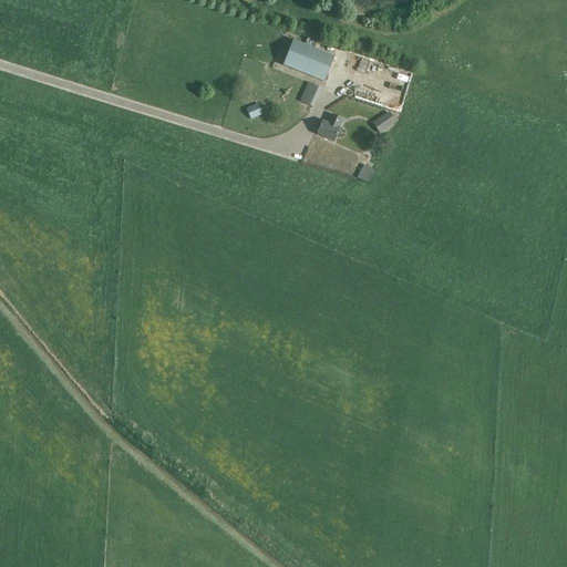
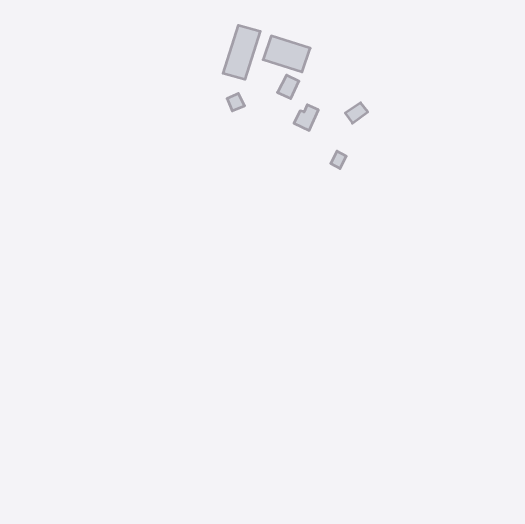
building: none -> [223,25,260,79]

